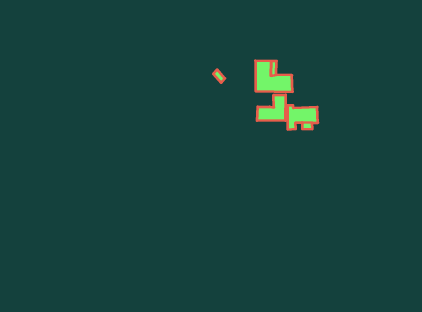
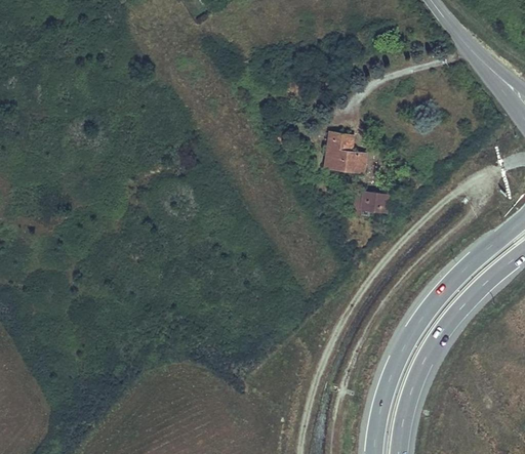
building: [257,95,286,121] -> none

